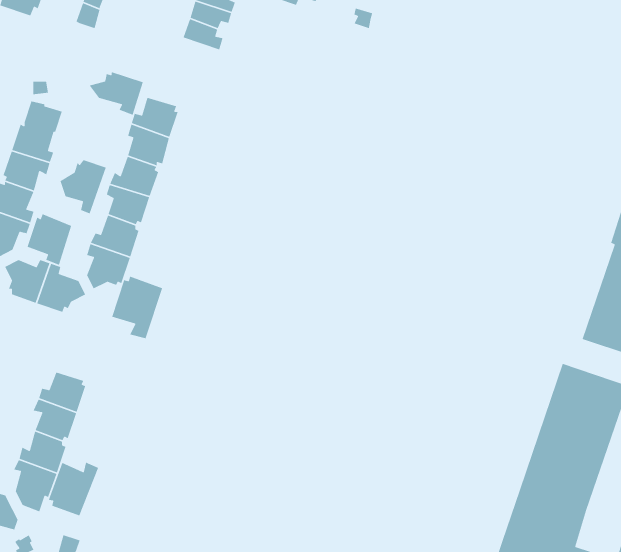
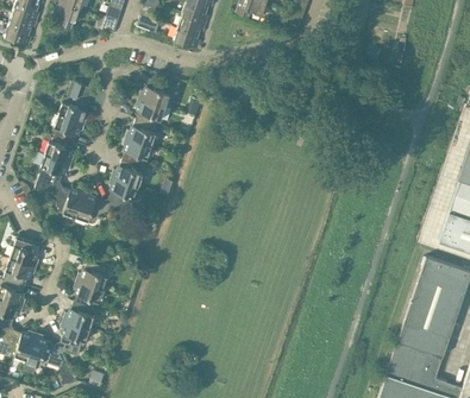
building: [88,71,144,116] -> none
building: [59,159,107,214] -> none
building: [27,213,72,266] -> none
building: [111,275,163,339] -> none
building: [48,462,99,516] -> none

